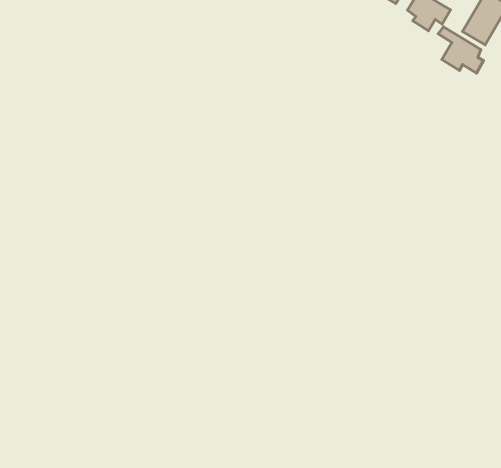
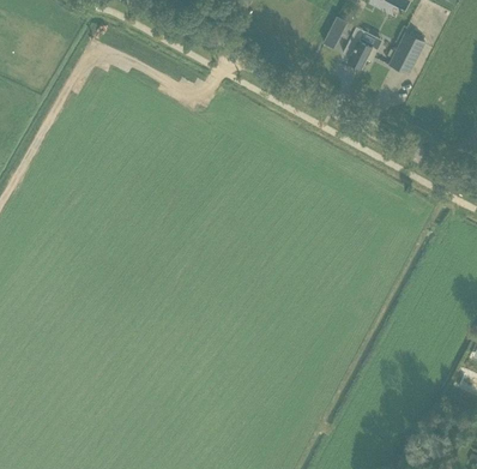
building: [438,27,484,73] -> none

